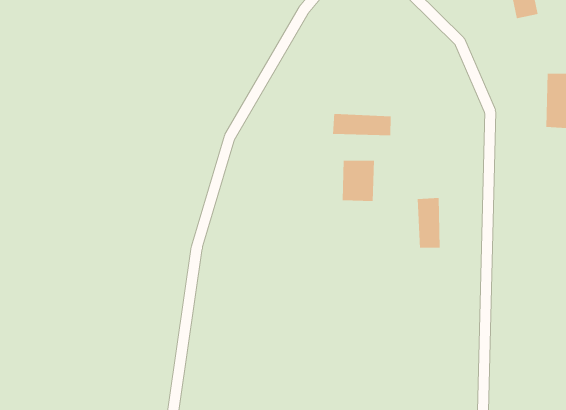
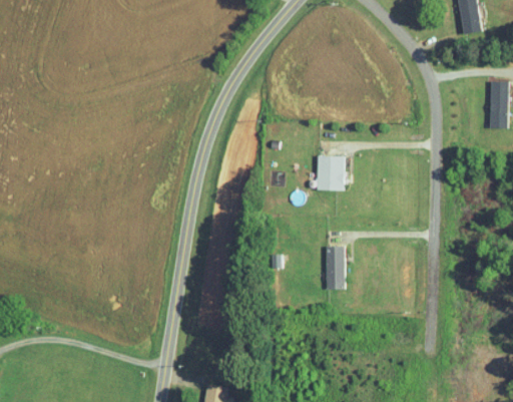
building: [332,113,391,136] -> none
building: [417,198,441,248] -> [325,246,345,289]

